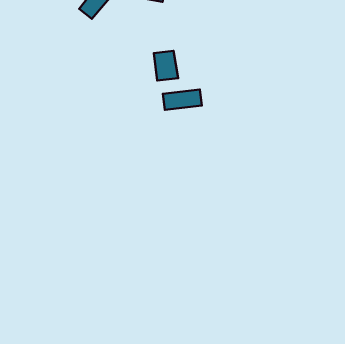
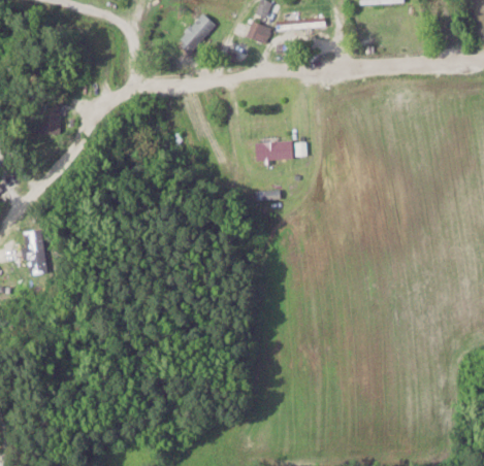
building: [154,51,178,81] -> none

